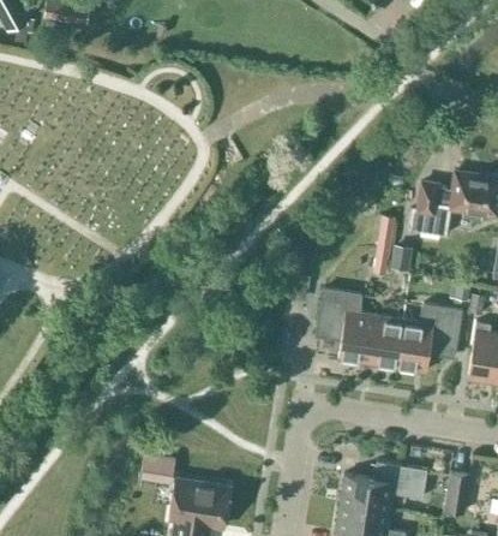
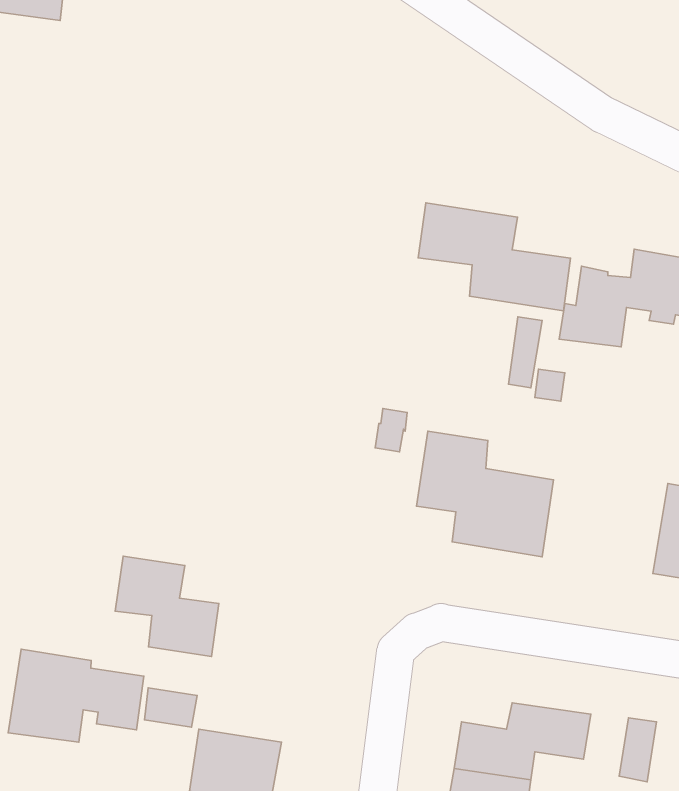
building: none -> [418,203,571,311]
building: [396,304,461,373] -> none
building: none -> [115,556,219,657]
building: none -> [8,649,144,742]

